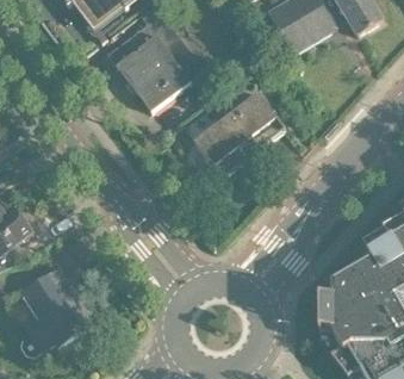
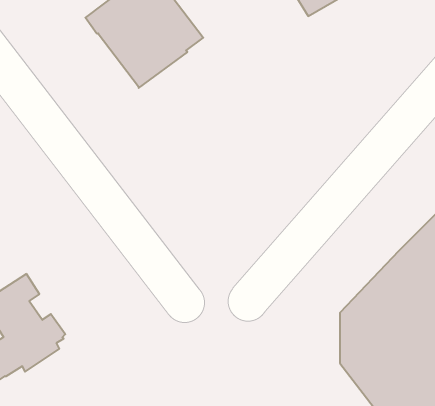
building: [193,93,286,179] -> none

